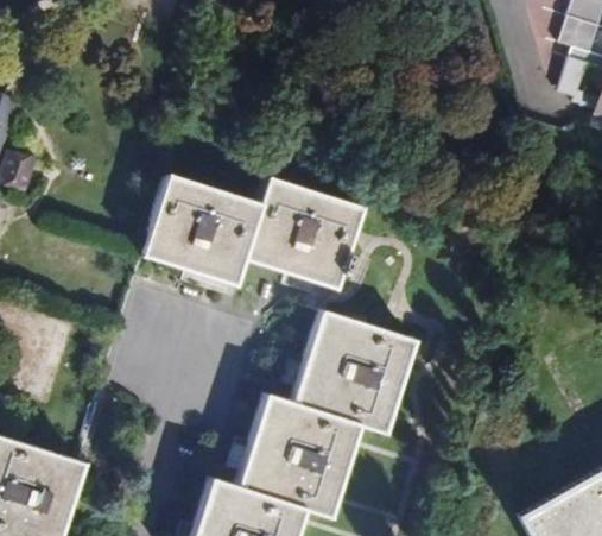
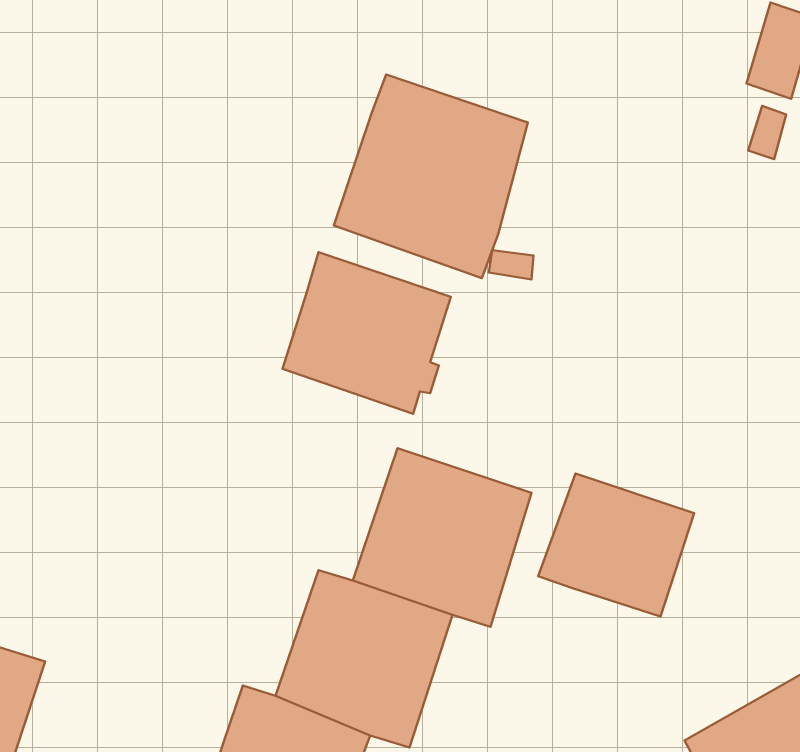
building: none -> [334,74,528,278]
building: [142,172,259,282] -> none
building: none -> [538,474,694,617]

